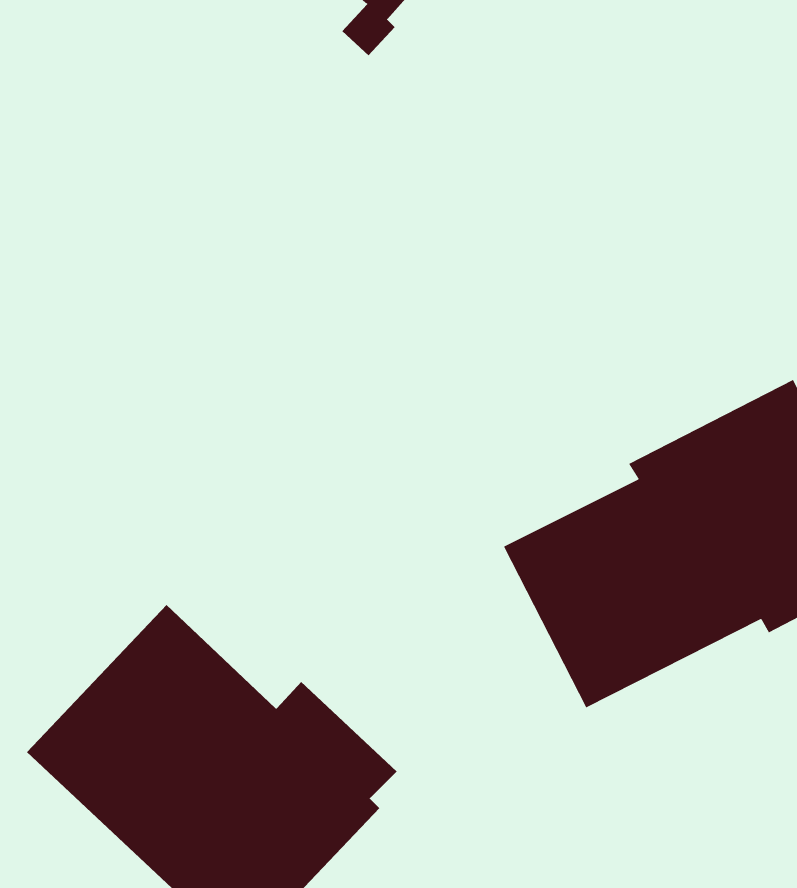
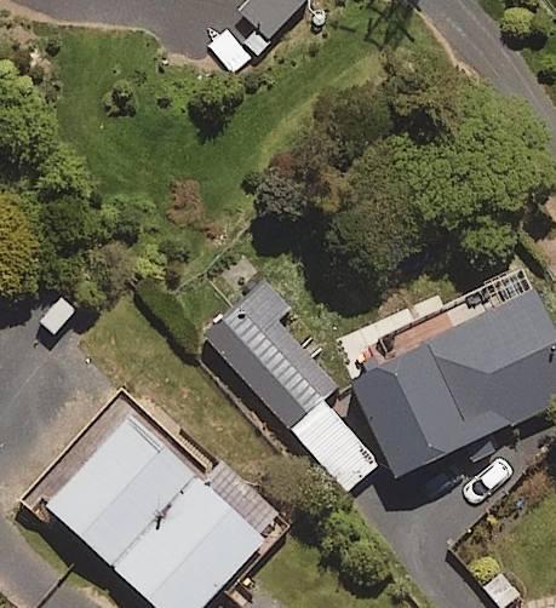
building: none -> [206,286,380,494]

